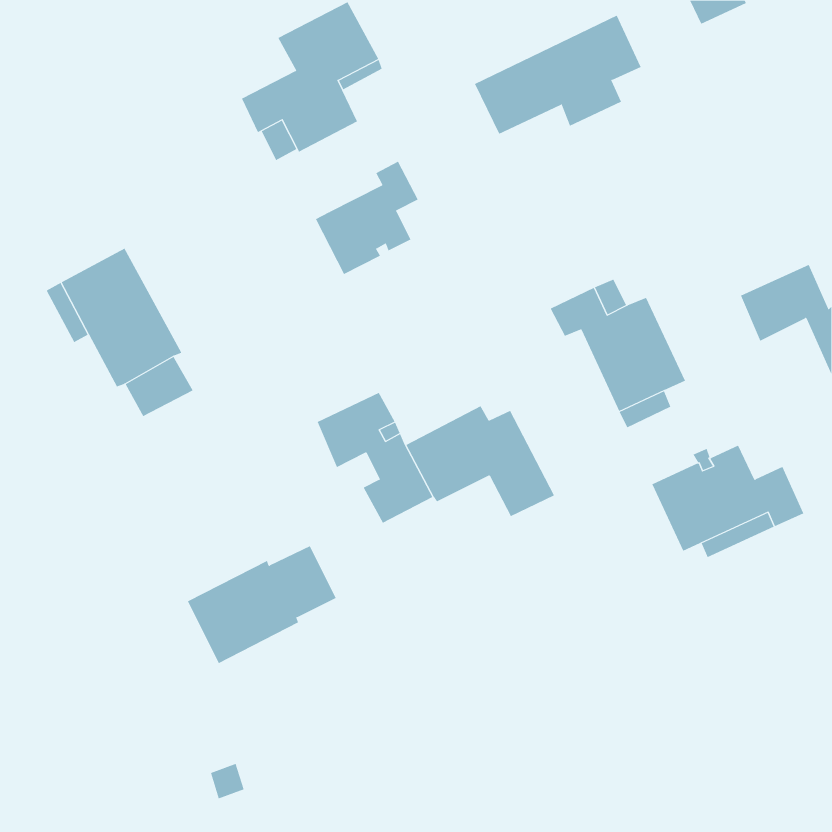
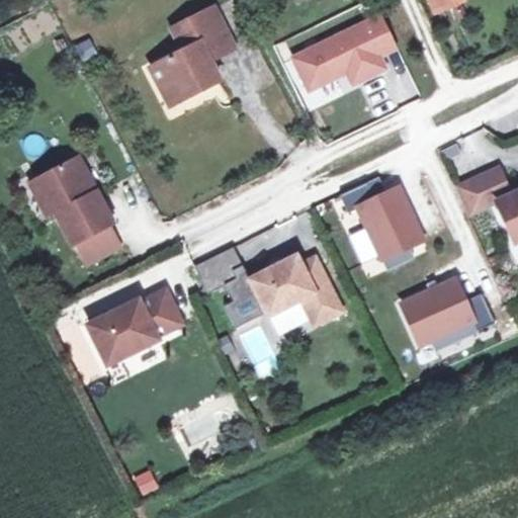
building: [315,161,419,275] -> none
building: [187,546,337,664] -> [89,289,181,362]

